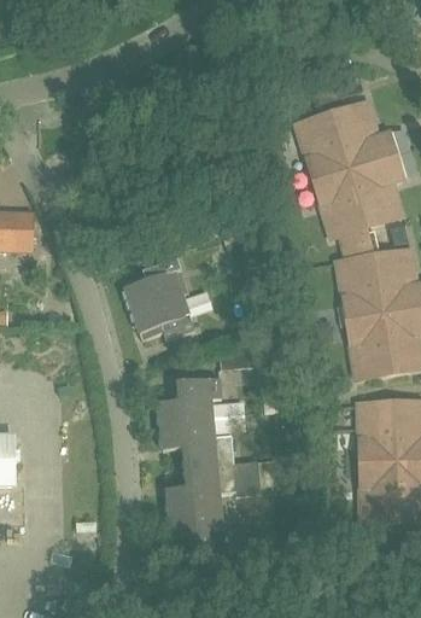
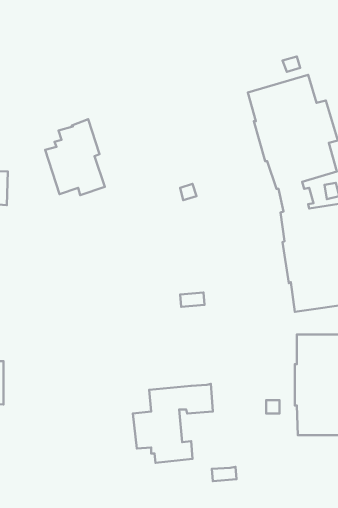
building: [124,250,194,339] -> [45,119,105,195]
building: [158,377,234,467] -> none

